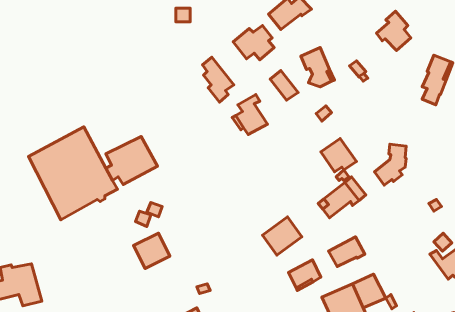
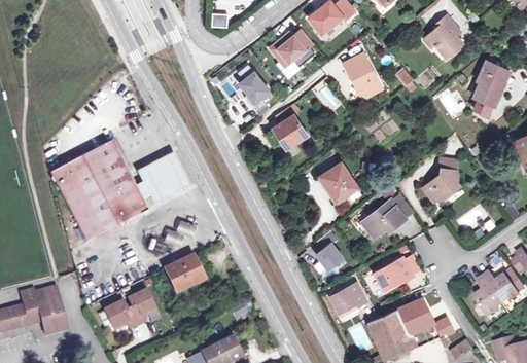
building: [321,138,356,172] -> [320,162,358,198]
building: none -> [475,277,502,316]
building: none -> [104,288,154,328]

